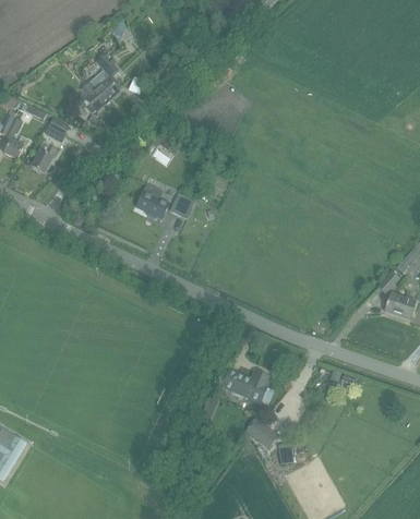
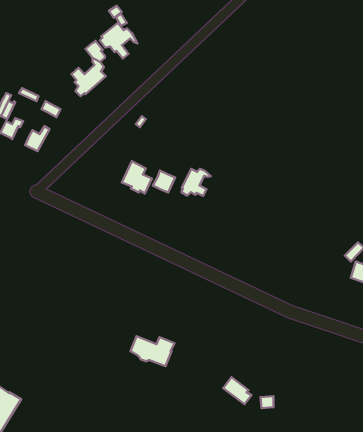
building: none -> [100,23,137,58]
building: none -> [181,169,211,196]
building: [221,369,269,401] -> [130,336,175,366]

